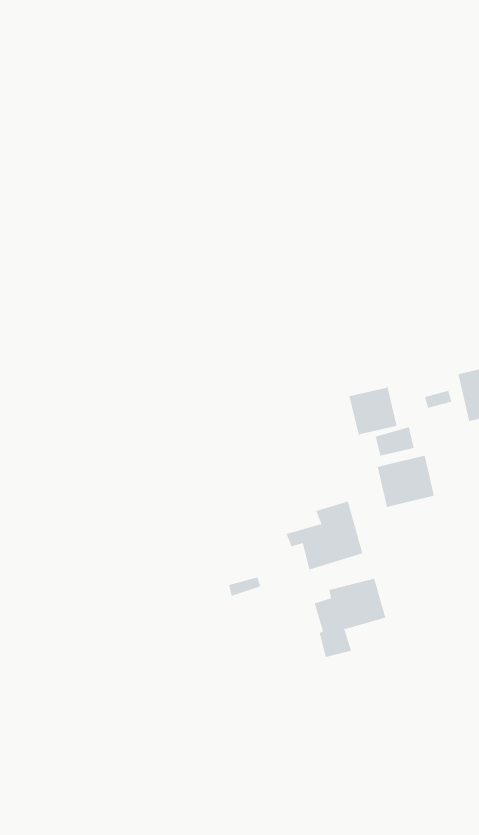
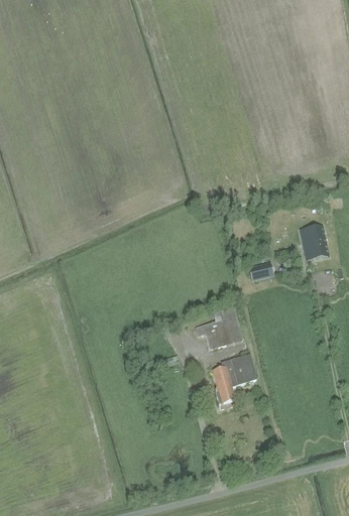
building: [349,385,397,437] -> none
building: [375,455,436,508] -> none

